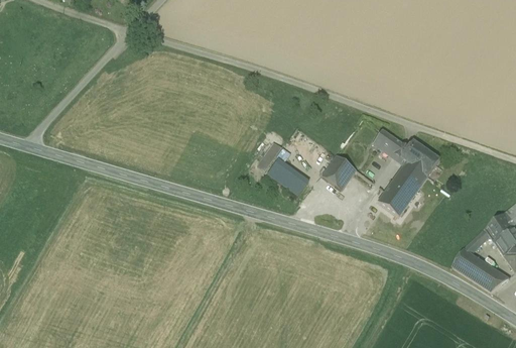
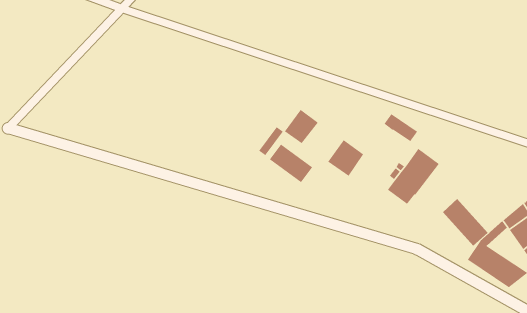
building: none -> [284,109,319,144]
building: [400,138,439,176] -> none
building: none -> [442,198,488,246]

